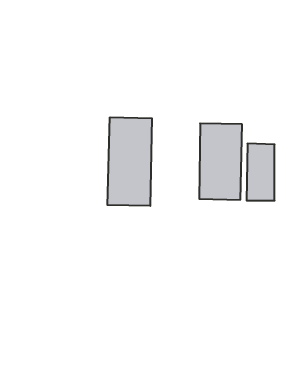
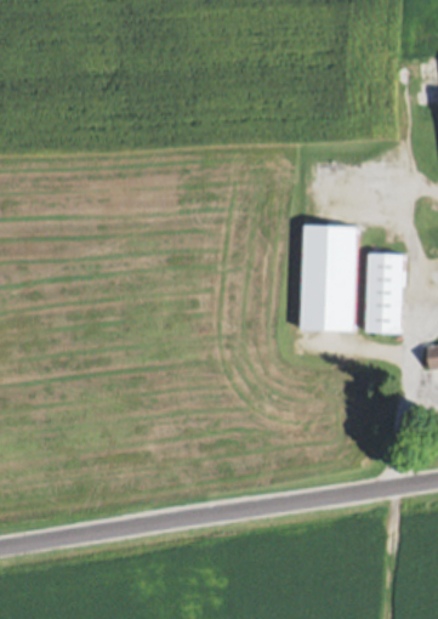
building: [107,117,152,206] -> none

